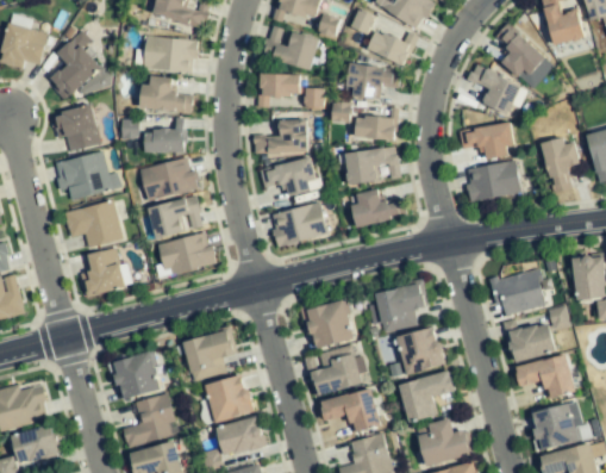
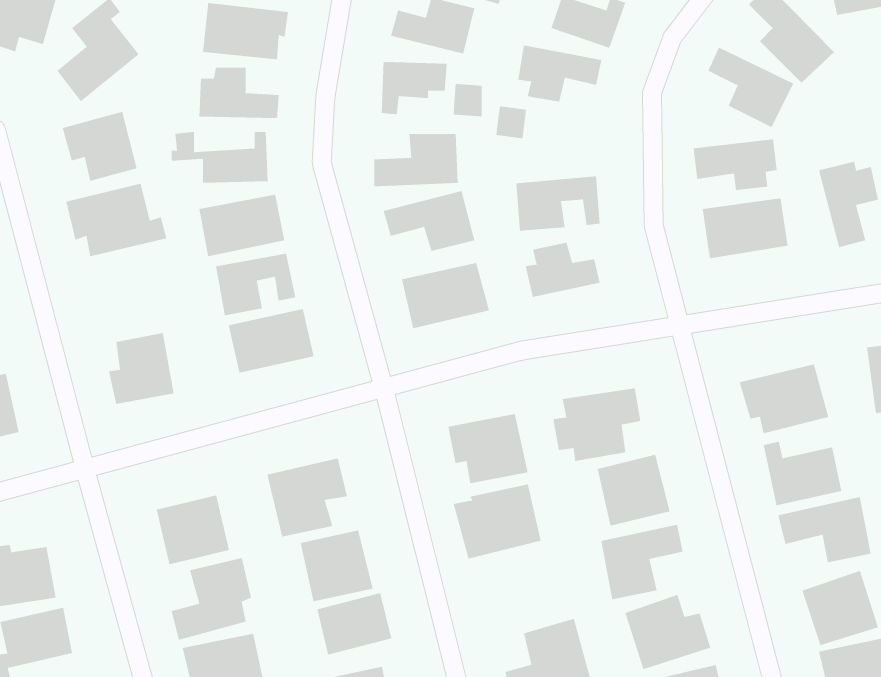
building: [355,117,396,139] -> none
building: [65,203,123,245] -> none
building: [320,390,381,431] -> none

